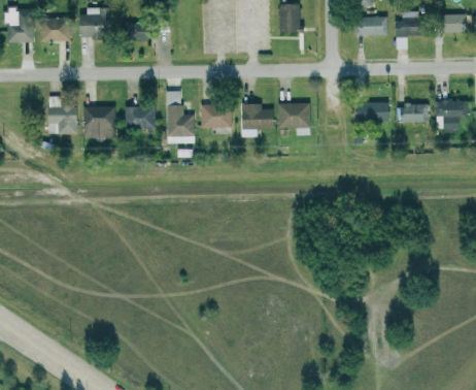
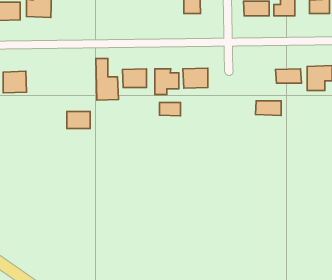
building: [121,22,148,41] -> none
building: [355,102,388,121] -> [255,101,281,115]
building: [83,106,115,137] -> none
building: [126,106,156,128] -> [67,112,90,128]
building: none -> [160,103,180,116]

